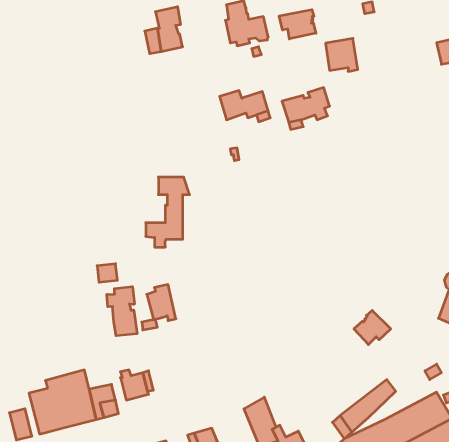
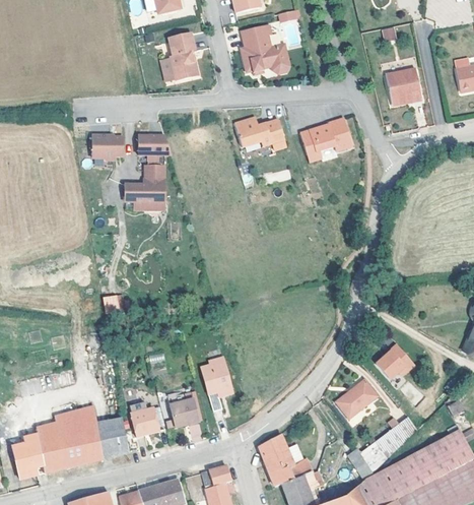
building: [279,10,316,39] -> none
building: [326,38,358,71] -> [385,63,418,98]
building: none -> [91,130,121,155]
building: [146,177,190,247] -> [124,134,170,207]
building: [147,285,176,321] -> [202,359,232,396]
building: [107,287,137,336] -> none
building: none -> [335,381,375,419]
building: none -> [172,399,200,428]

